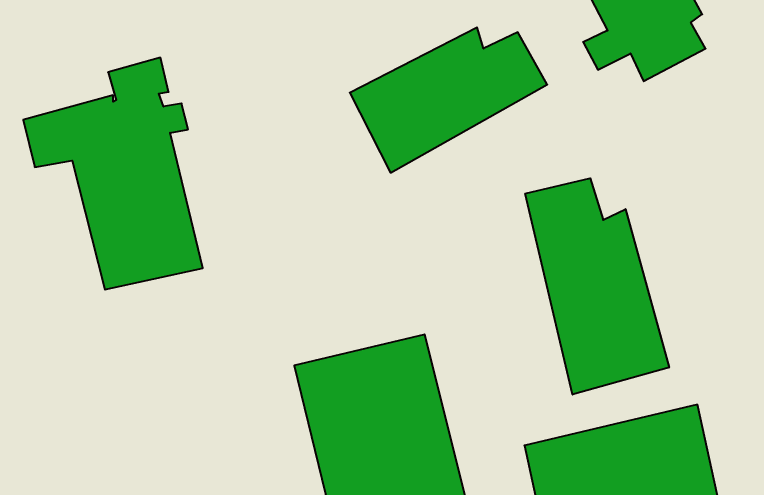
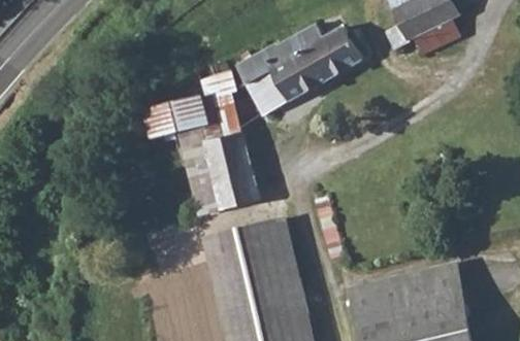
building: [23,58,203,290] -> [145,69,259,215]
building: [525,178,669,395] -> none

